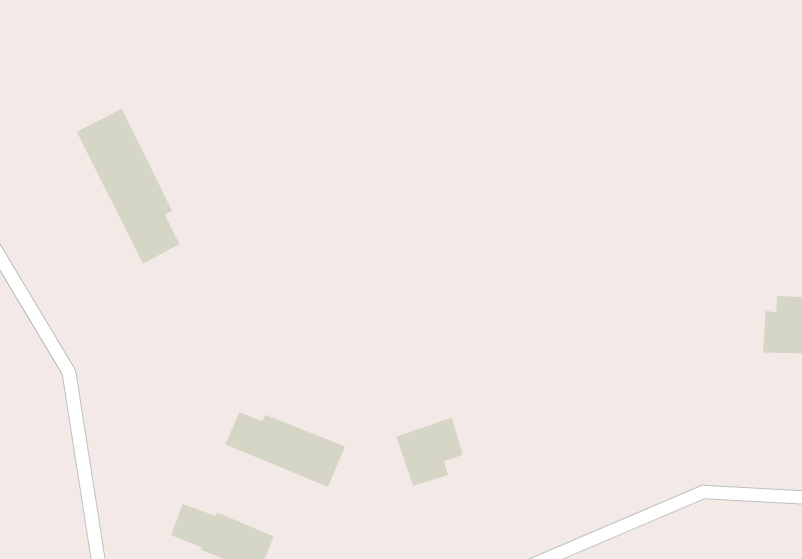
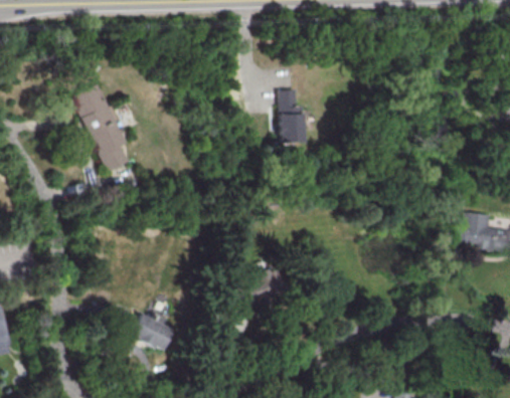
building: none -> [281,89,306,143]
building: [224,411,346,488] -> none

